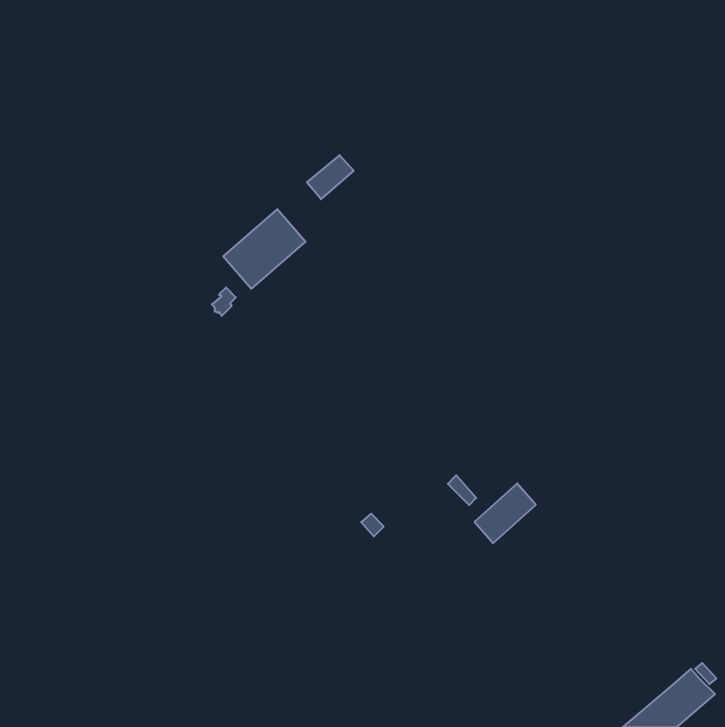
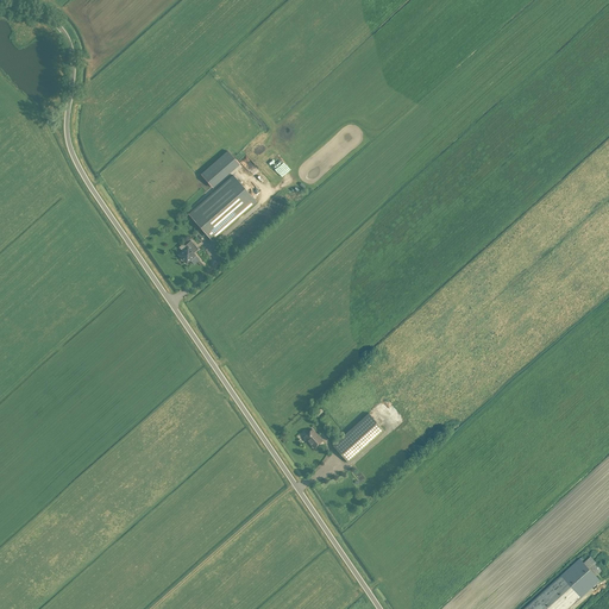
building: [307,155,354,199] -> [200,151,239,188]
building: [475,483,536,543] -> [332,413,383,463]

